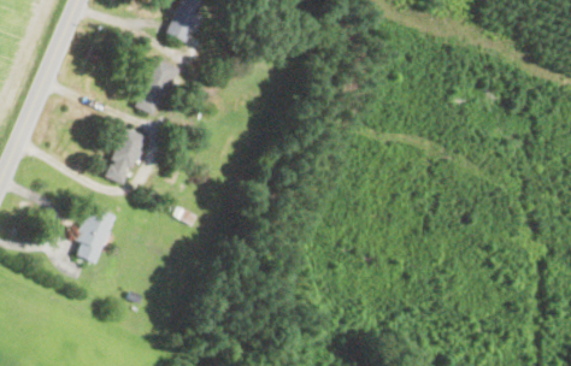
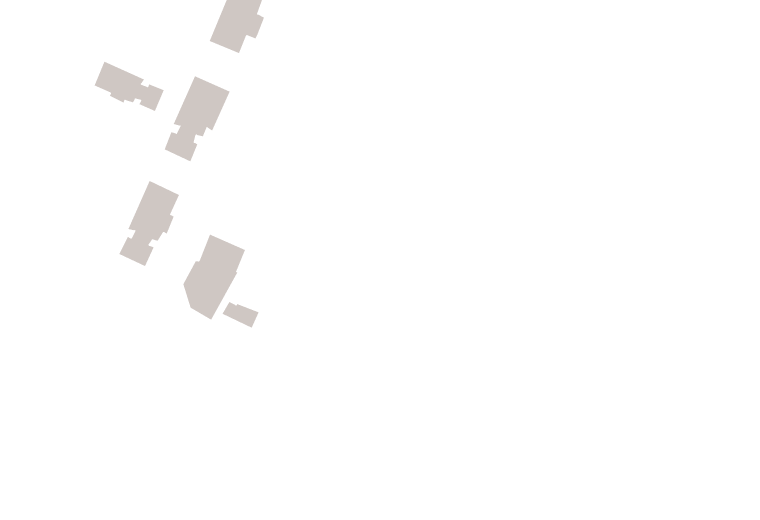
building: none -> [94,61,164,112]
building: [73,207,116,265] -> [182,234,246,320]

